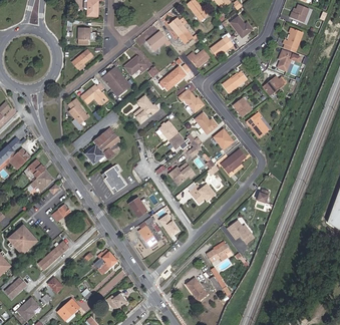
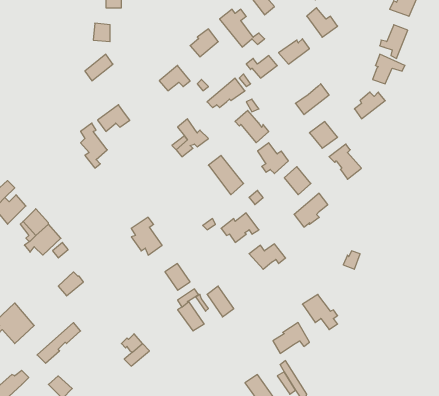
building: [102,66,130,95] -> none
building: [85,126,120,164] -> none

